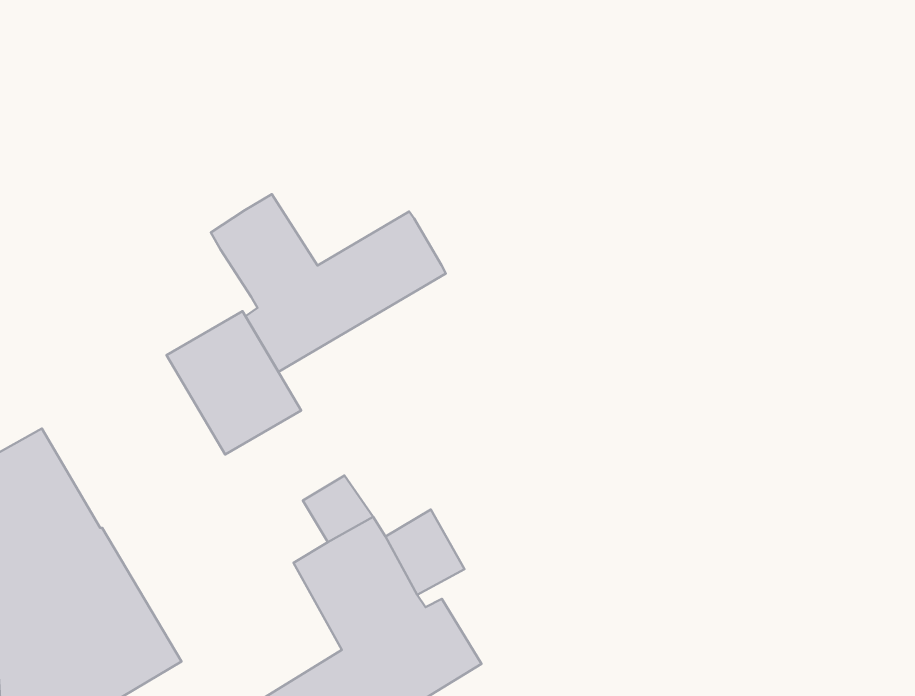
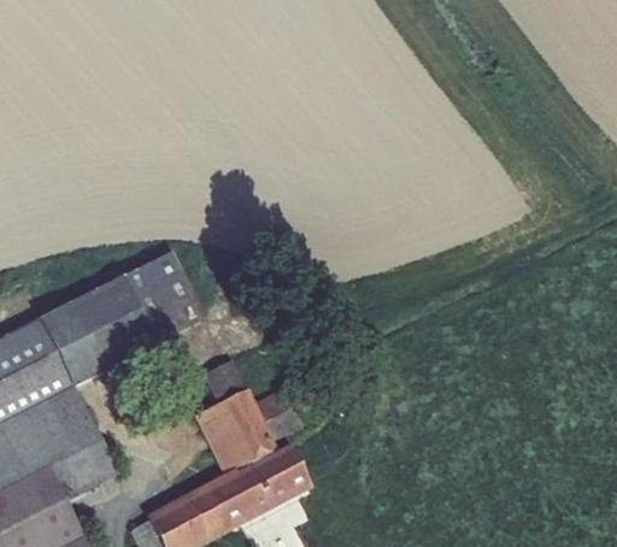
building: [211,194,446,372] -> none
building: none -> [37,276,154,384]

